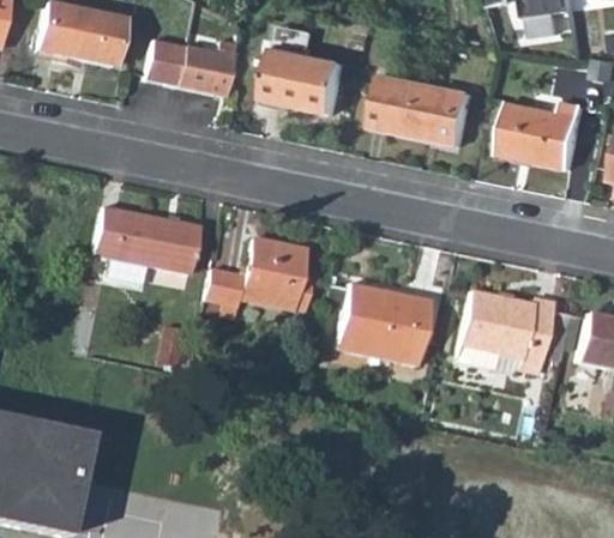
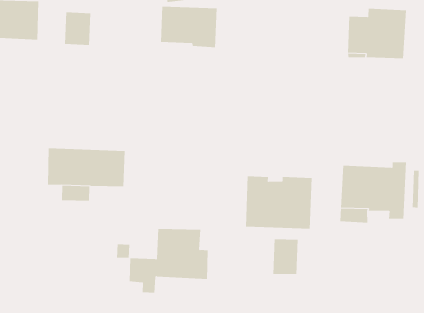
building: [179,44,218,91] -> none
building: [375,75,476,146] -> none
building: [206,238,314,320] -> [129,228,208,293]
building: none -> [273,239,298,275]

